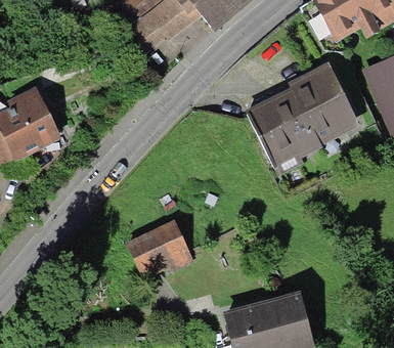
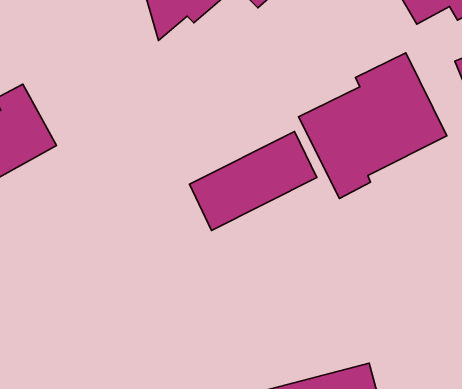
building: none -> [189,131,317,230]
building: [128,221,191,272] -> none

